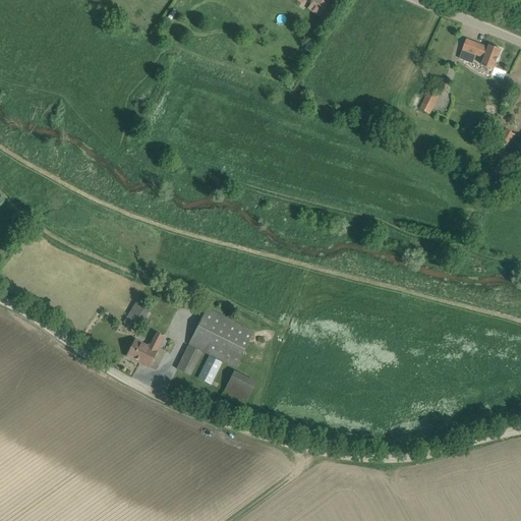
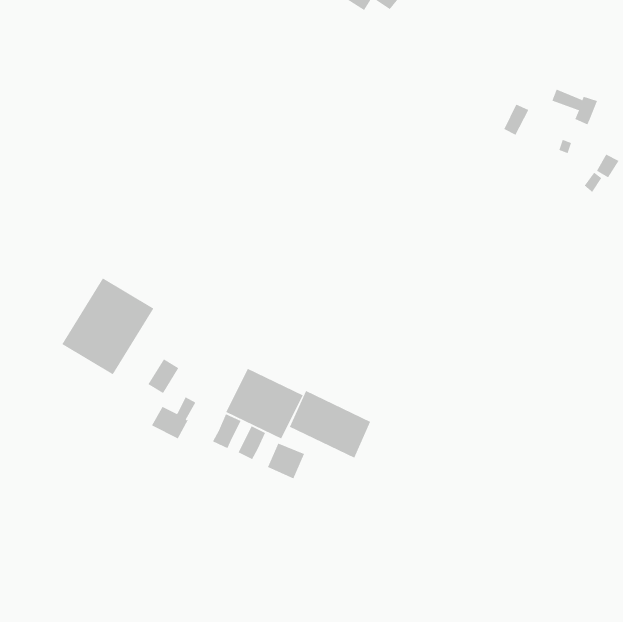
building: [463,38,502,68] -> [551,89,598,125]
building: none -> [61,278,154,375]
building: none -> [289,390,371,458]

